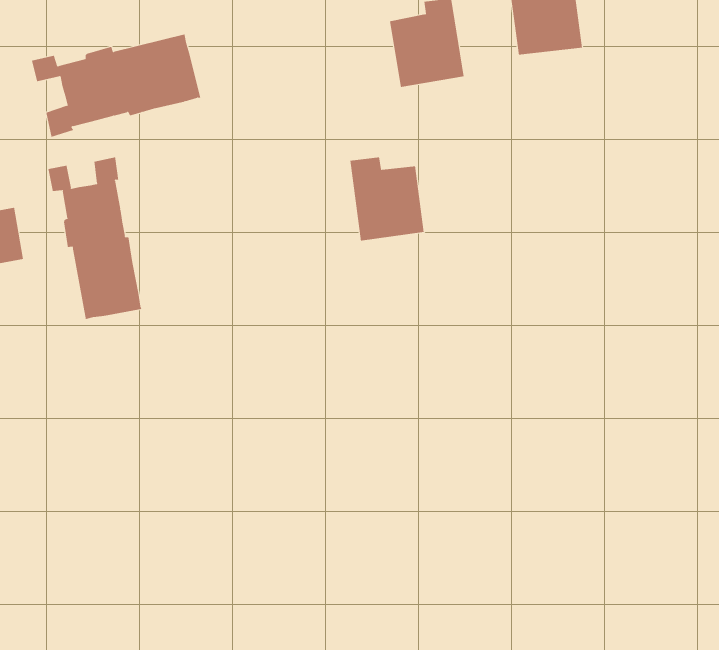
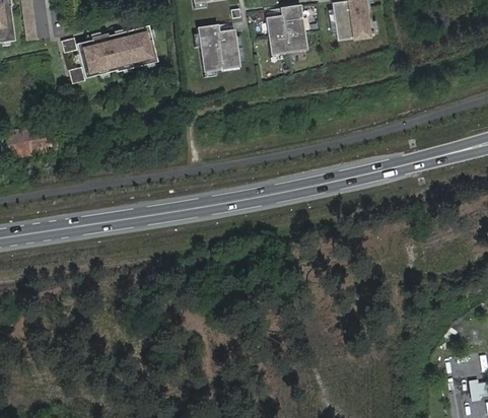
building: [48,156,142,320] -> none
building: [349,157,425,241] -> [198,25,240,73]

